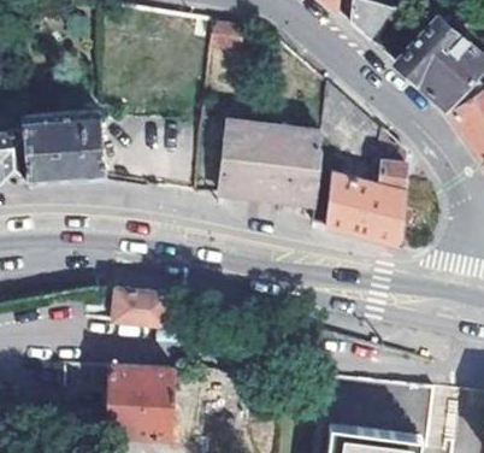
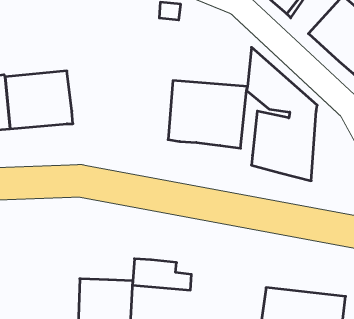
building: [112,288,184,326] -> [132,259,191,290]

